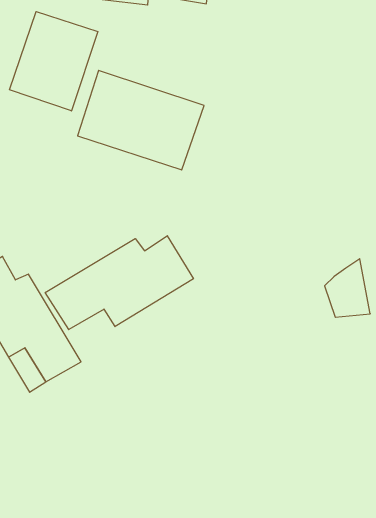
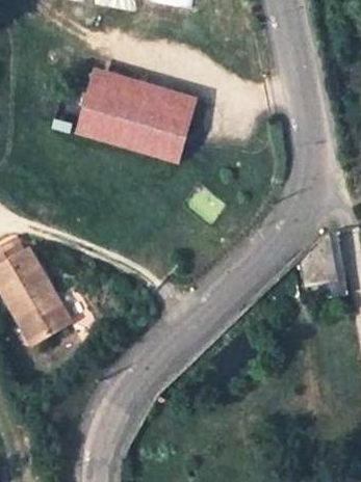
building: [9,12,98,111] -> none
building: [45,236,193,330] -> none

